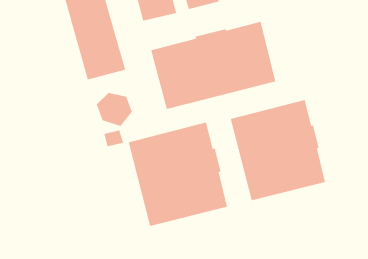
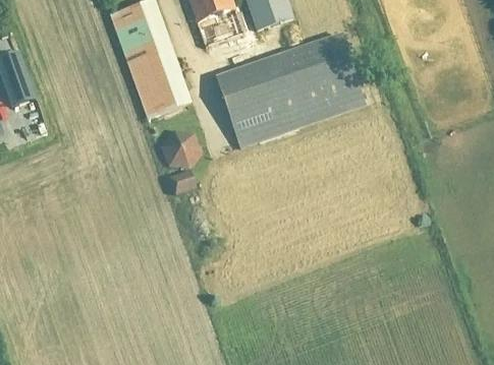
building: [230,99,326,201] -> none
building: [128,121,228,227] -> none

